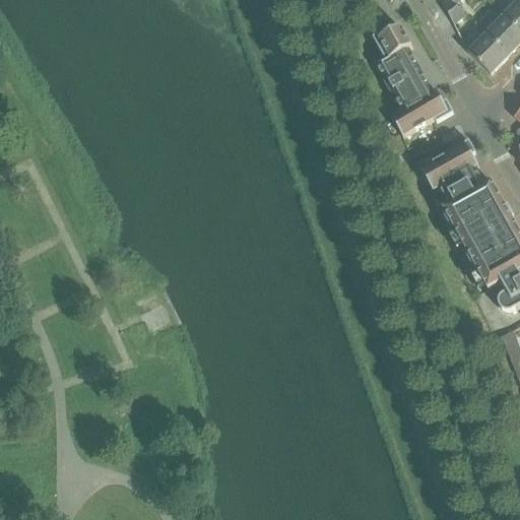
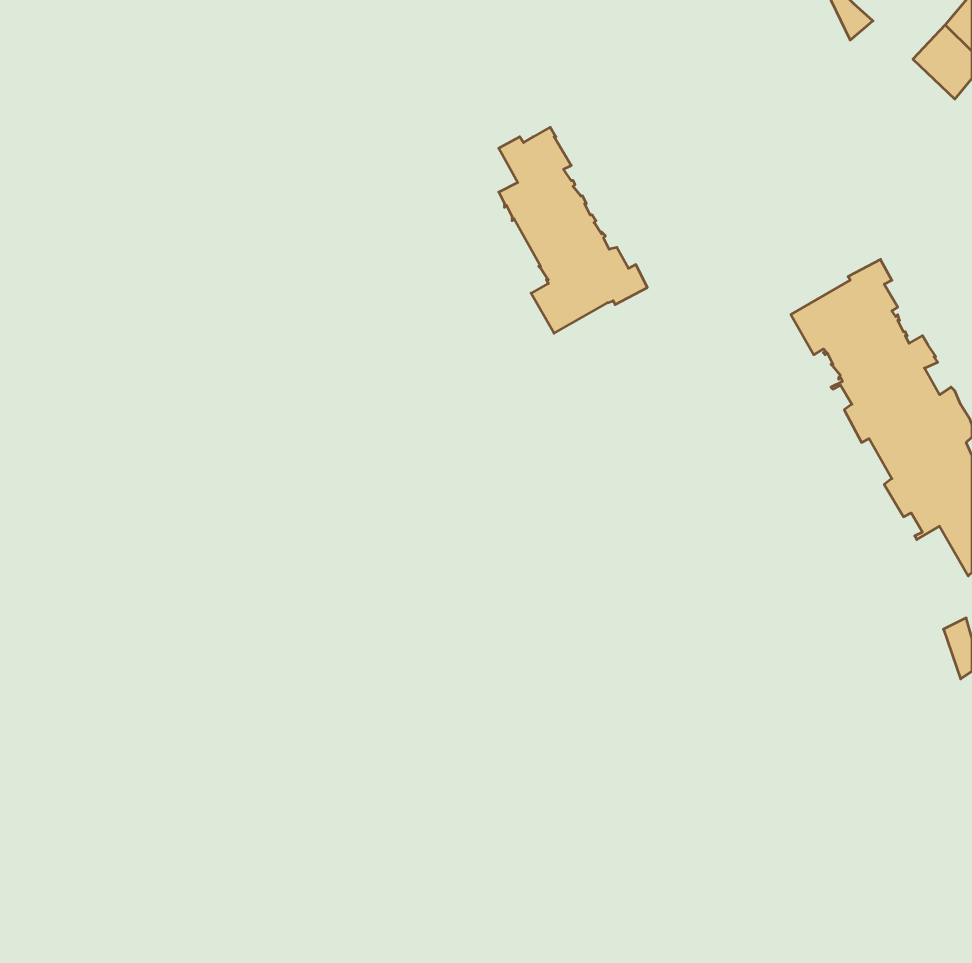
building: [374,24,453,134] -> [499,127,647,333]
building: [468,31,509,71] -> none

